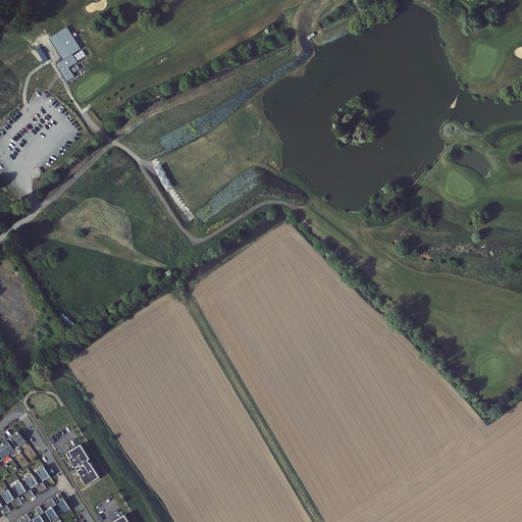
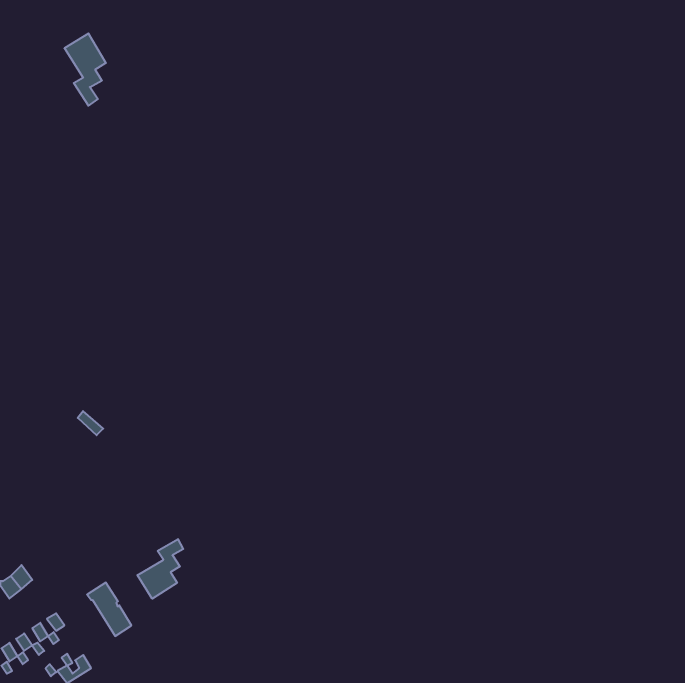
building: none -> [137,539,183,599]

